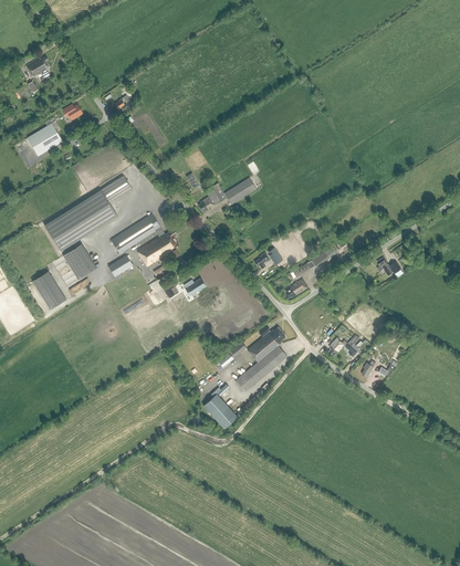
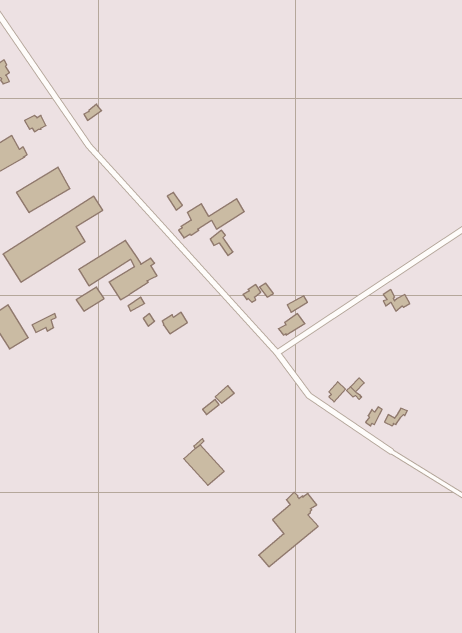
building: none -> [17,167,70,213]
building: [62,243,96,279] -> none
building: [234,325,286,390] -> [259,492,318,567]

